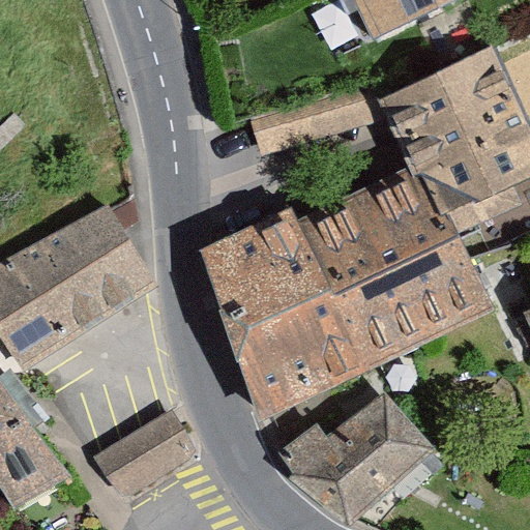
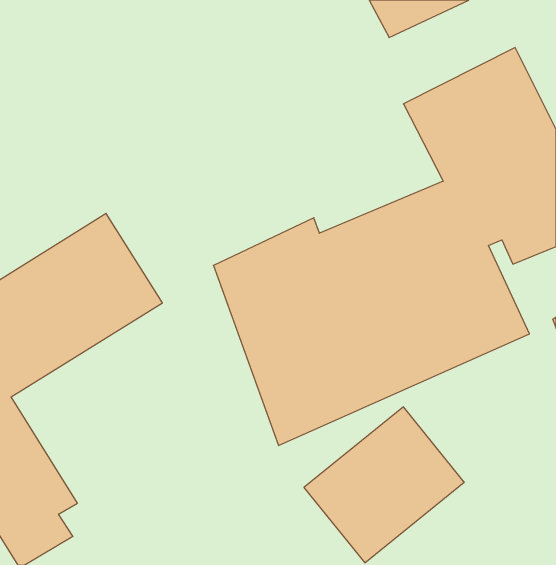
building: [87,411,194,505] -> none

